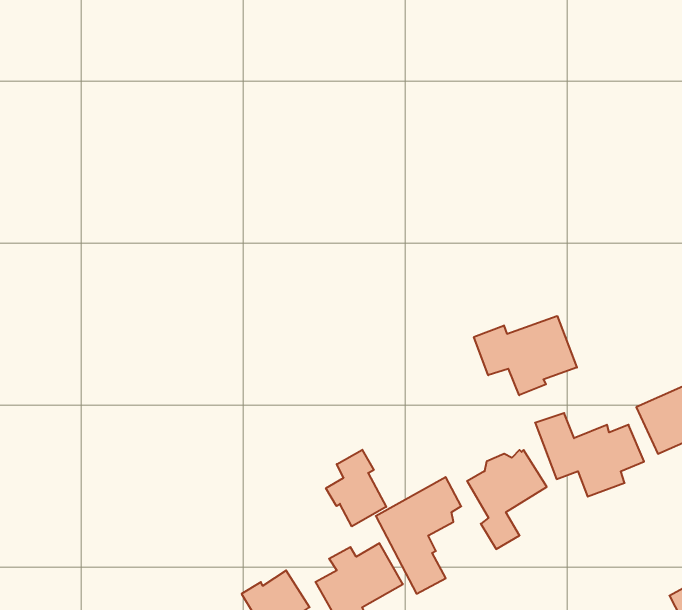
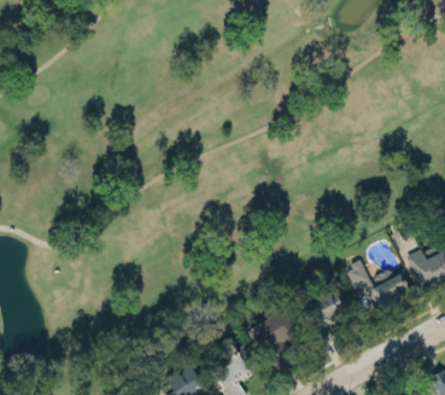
building: [474,316,577,395] -> none
building: [326,450,386,526] -> none

